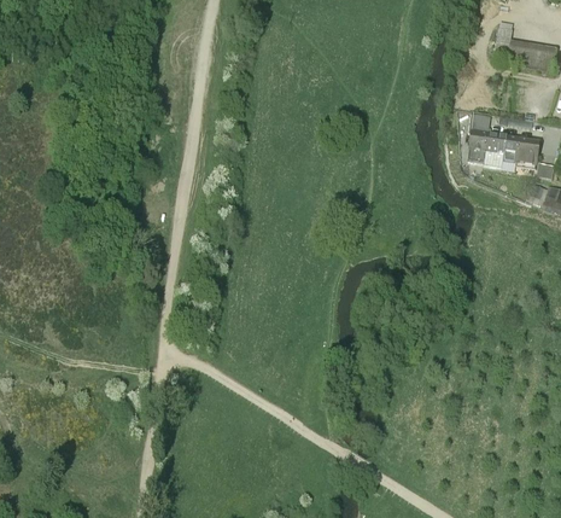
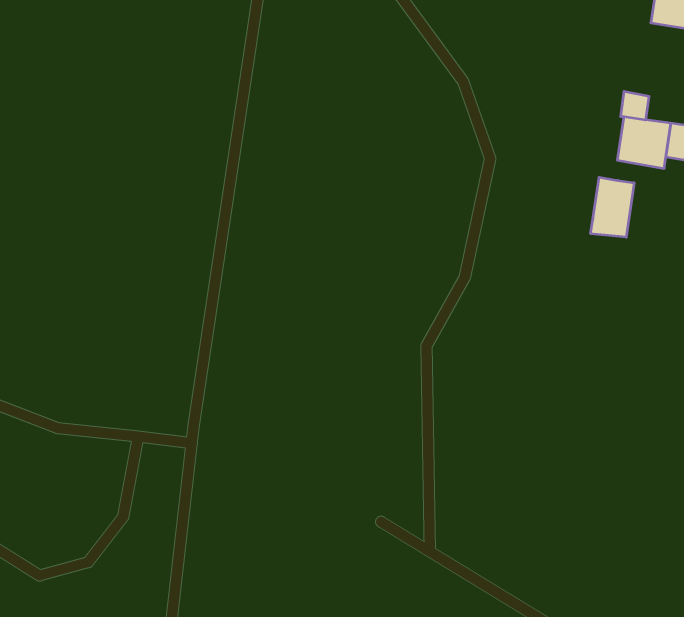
building: none -> [591,177,634,237]

